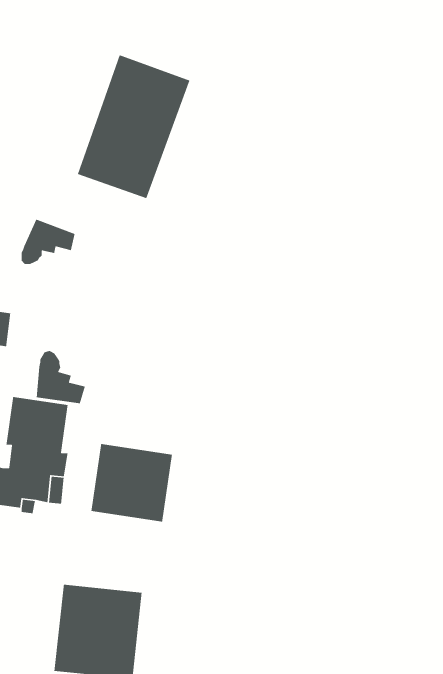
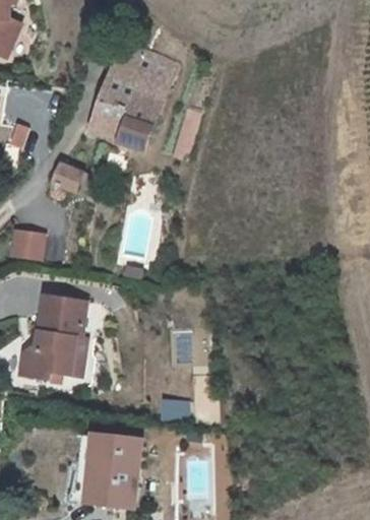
building: [36,350,86,404] -> none
building: [91,443,173,522] -> none

